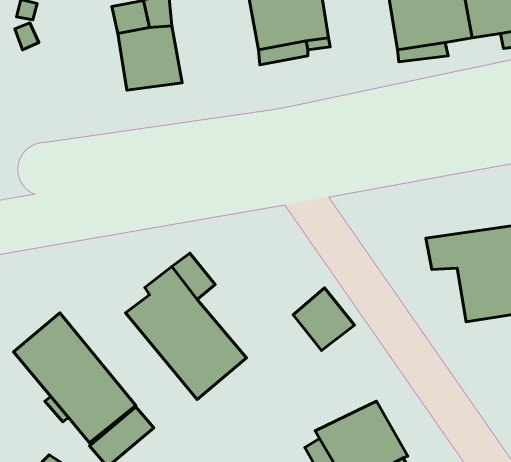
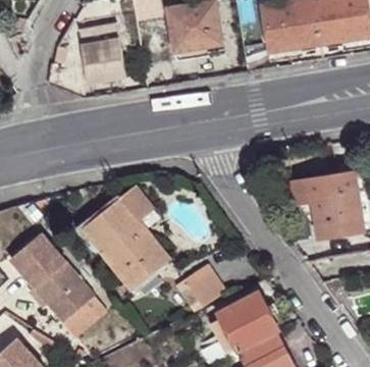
building: [293,288,355,351] -> [184,263,226,306]

